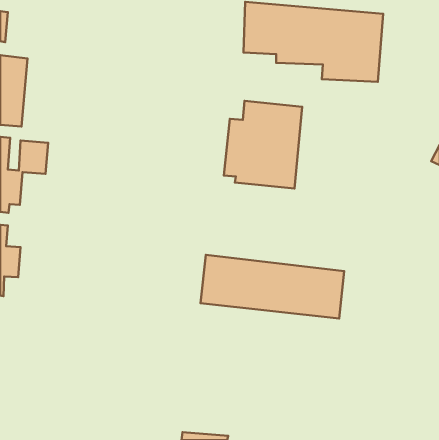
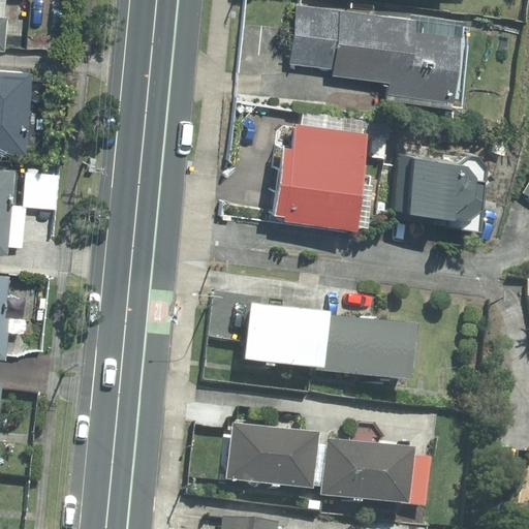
building: none -> [392,143,487,218]
building: none -> [227,426,317,492]
building: none -> [320,441,410,505]

